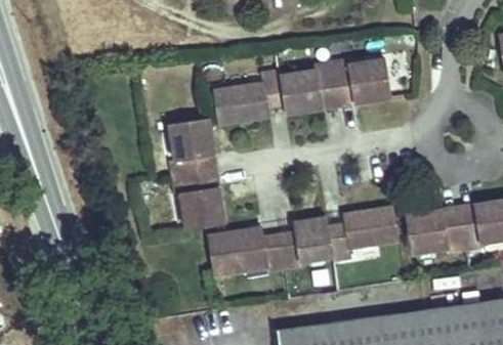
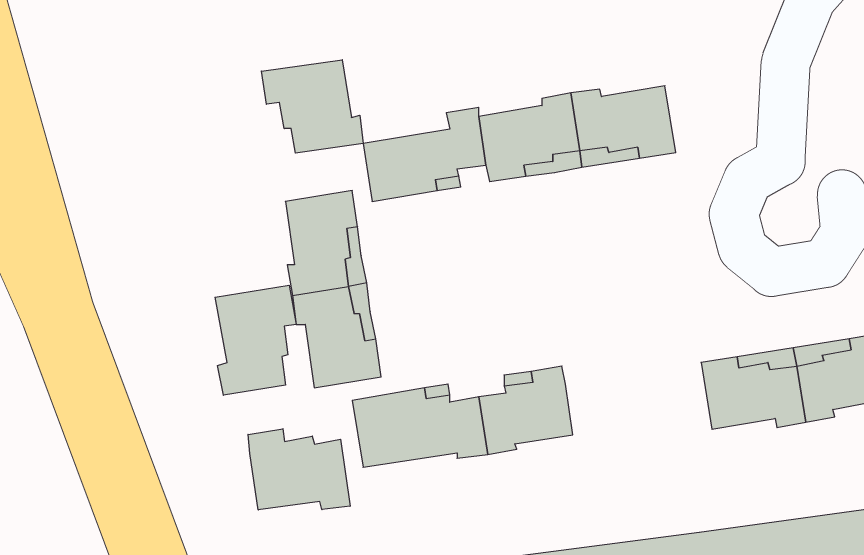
building: none -> [261,60,363,153]
building: none -> [215,285,296,395]
building: [329,207,399,259] -> none
building: none -> [248,429,350,510]

